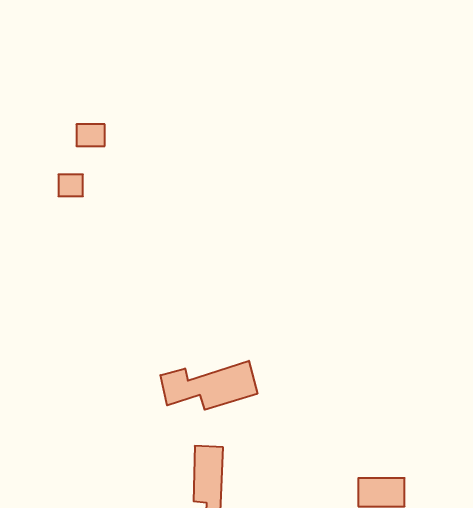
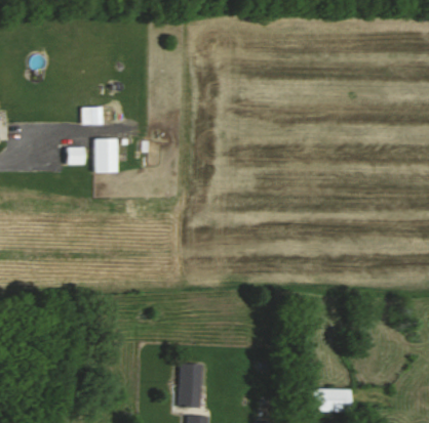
building: none -> [95,138,119,172]
building: [160,361,257,410] -> none

